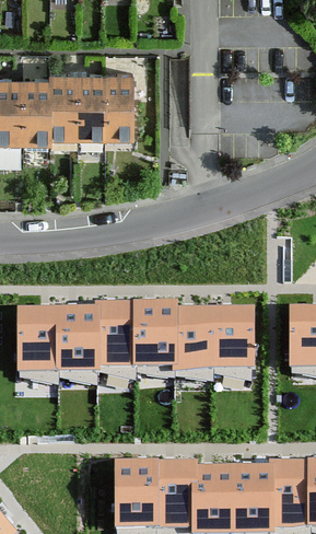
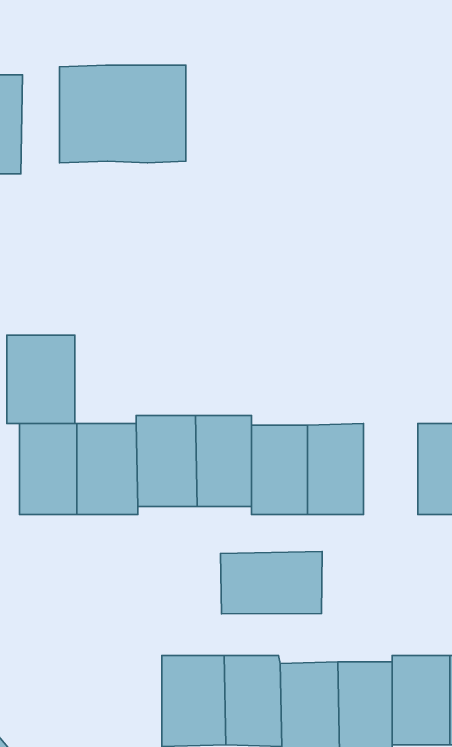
building: [19,70,45,138] -> none
building: none -> [7,335,75,423]
building: none -> [220,552,322,614]

